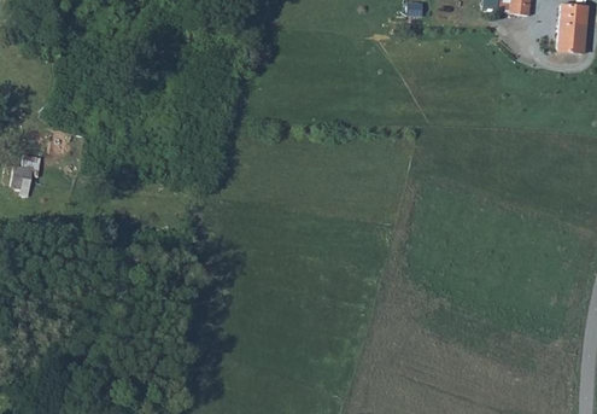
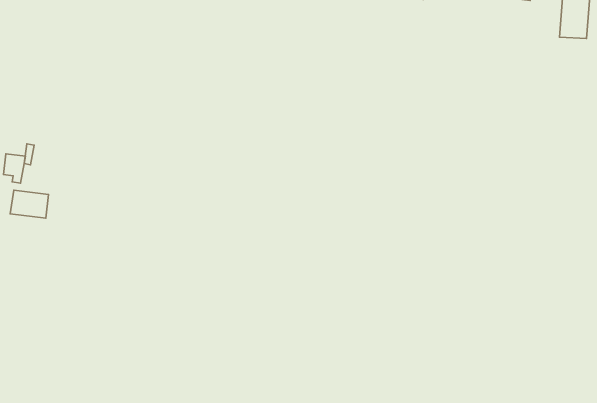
building: none -> [10,190,49,218]

